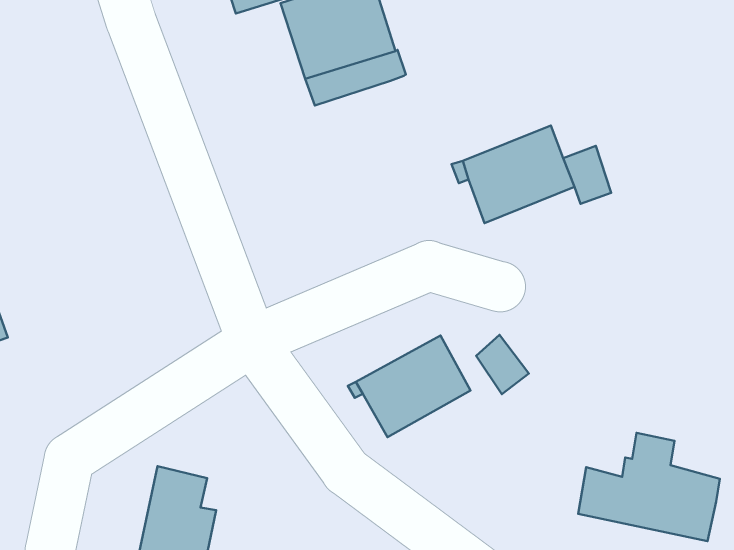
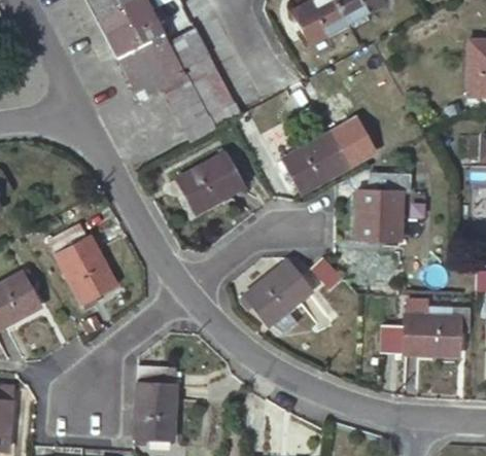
building: none -> [176,152,243,213]
building: none -> [355,170,410,239]
building: none -> [48,224,114,302]

